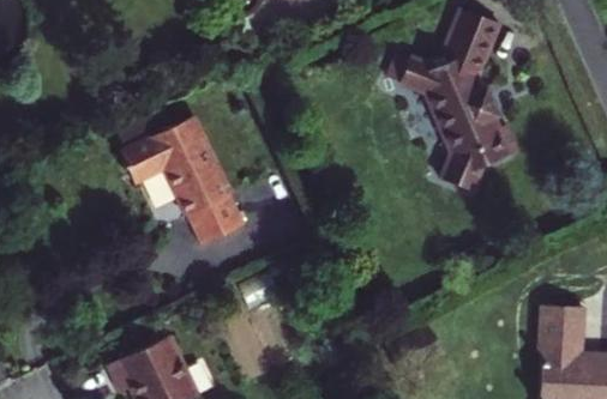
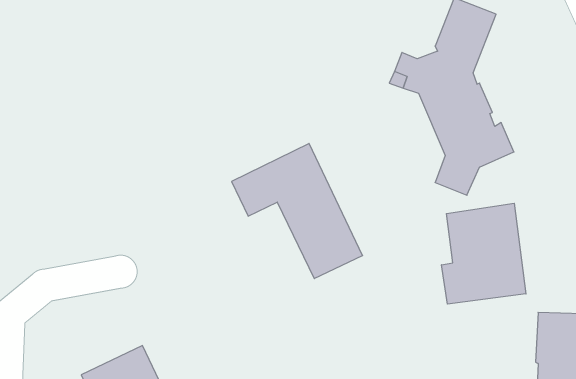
building: [119,115,242,242] -> [232,143,363,279]
building: none -> [442,203,526,304]

